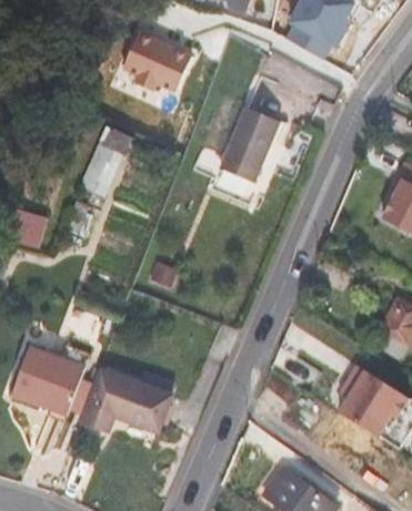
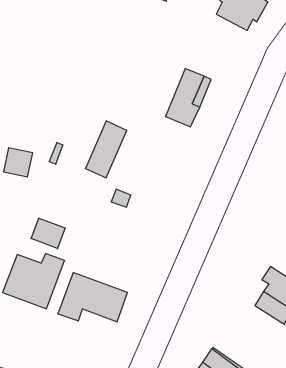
building: [124,30,193,90] -> none
building: [78,124,131,197] -> [85,121,127,178]
building: none -> [31,218,65,249]

